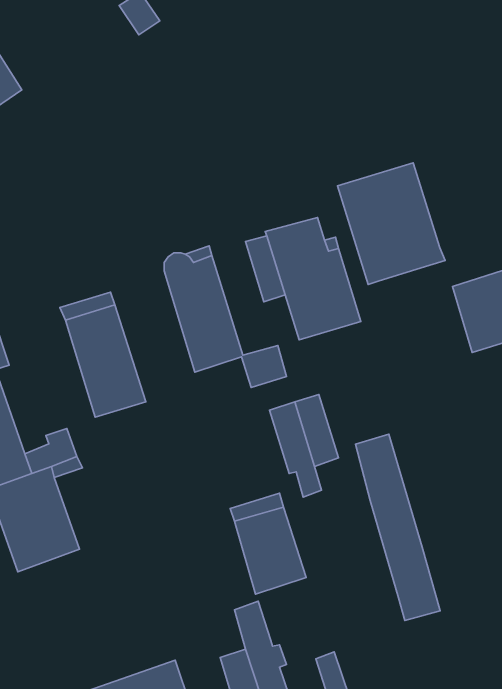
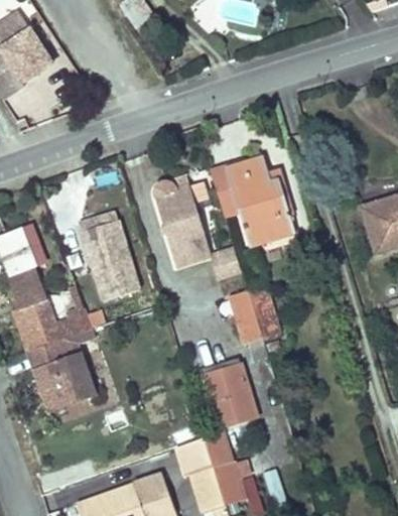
building: [337,163,445,284] -> none
building: [355,434,440,621] -> none
building: none -> [175,438,213,476]

